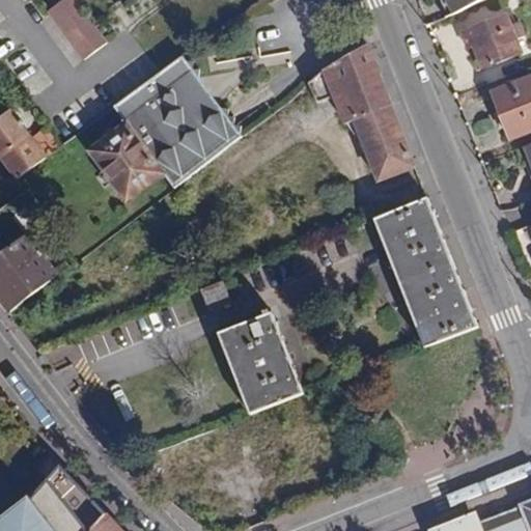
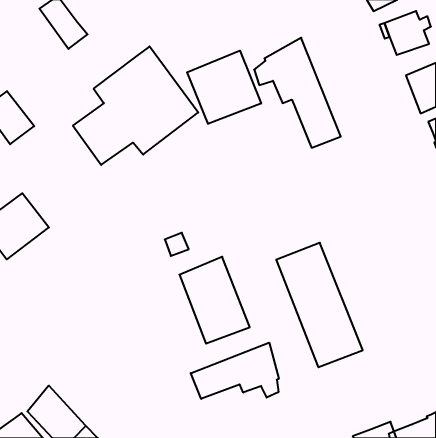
building: none -> [187,51,261,124]
building: [372,198,477,348] -> [276,243,363,367]
building: none -> [191,343,279,399]

